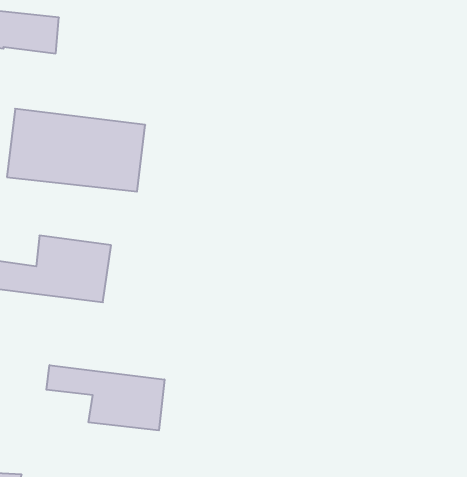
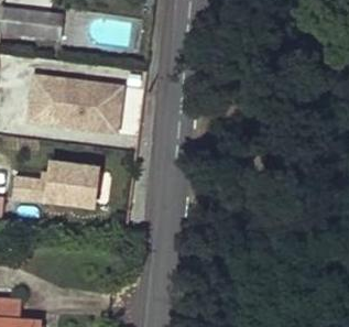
building: [46,365,164,430] -> none

